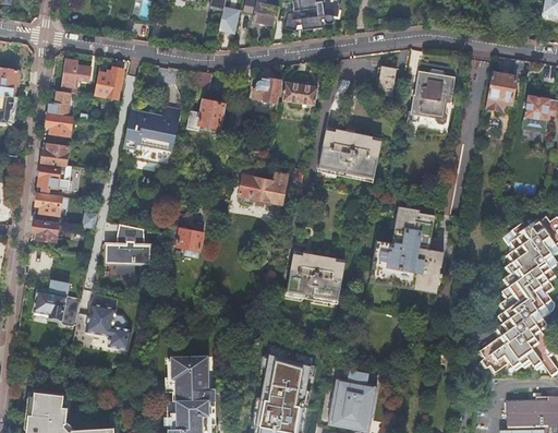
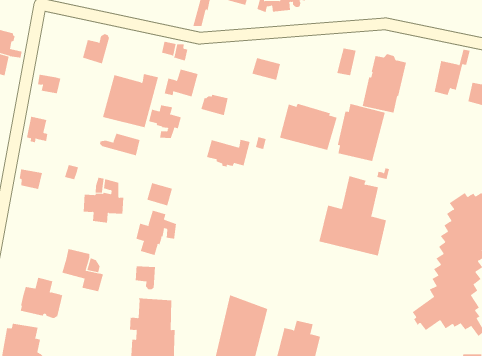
building: [48,59,92,116] -> none
building: [252,76,282,99] -> [200,94,229,116]
building: none -> [337,103,385,162]
building: none -> [148,104,182,139]
building: [41,143,69,164] -> none
building: none -> [99,133,140,156]
building: [36,193,62,214] -> none
building: [287,253,344,300] -> none
building: none -> [136,210,176,256]
building: [34,281,81,326] -> [20,277,63,319]
building: none -> [135,266,156,290]

